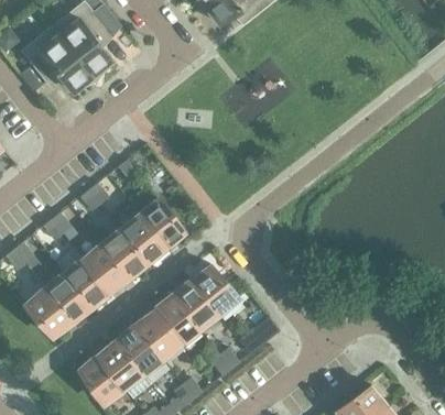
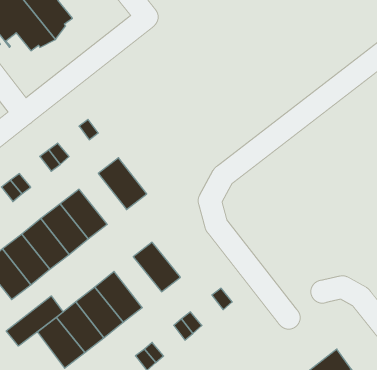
building: [120,212,166,262] -> none
building: [192,264,238,314] -> none
building: [154,294,200,343] -> none
building: none -> [6,296,63,346]

